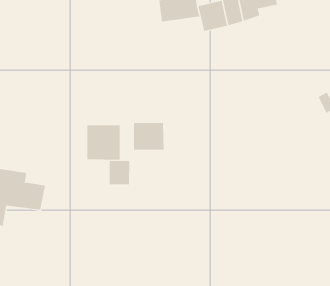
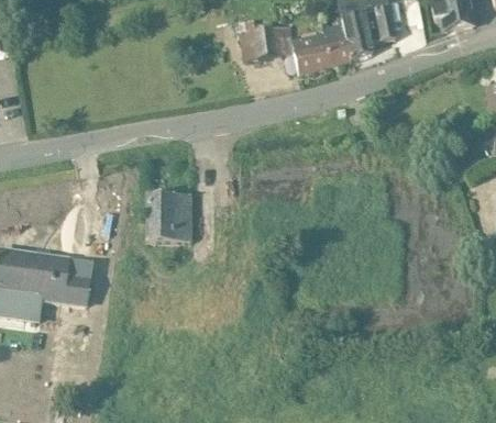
building: [133,122,164,151] -> none
building: [109,160,130,185] -> none

